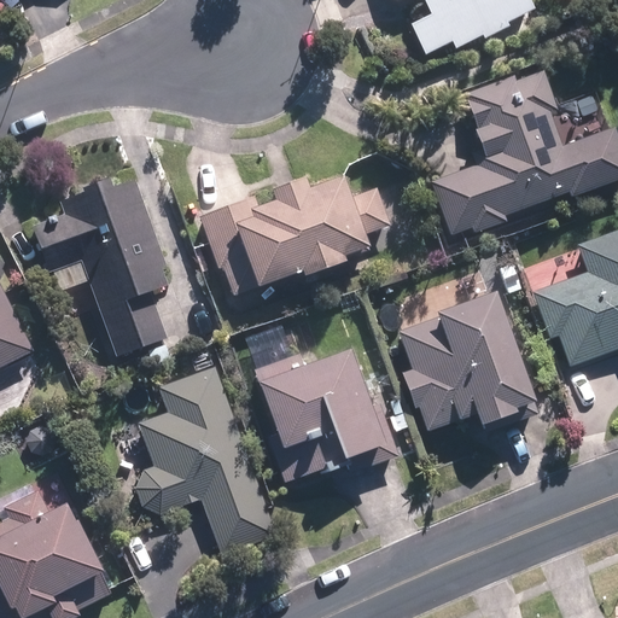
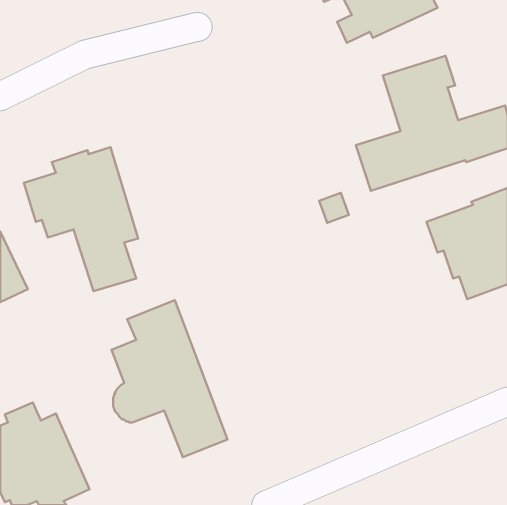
building: [199,175,390,297] -> none
building: [397,292,534,433] -> none
building: [252,349,400,482] -> none

